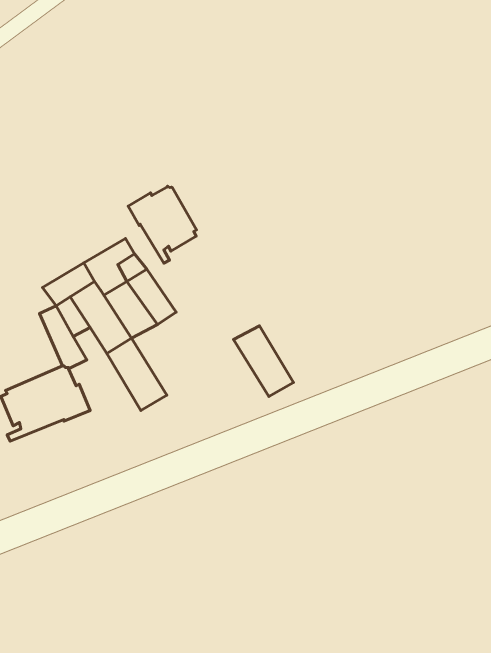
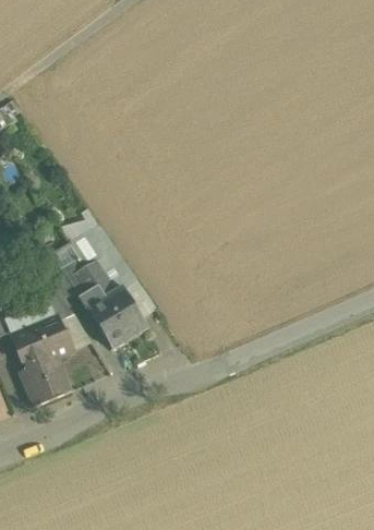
building: [128,186,197,263] -> none
building: [233,326,293,396] -> [105,287,147,337]
building: none -> [19,354,71,405]

